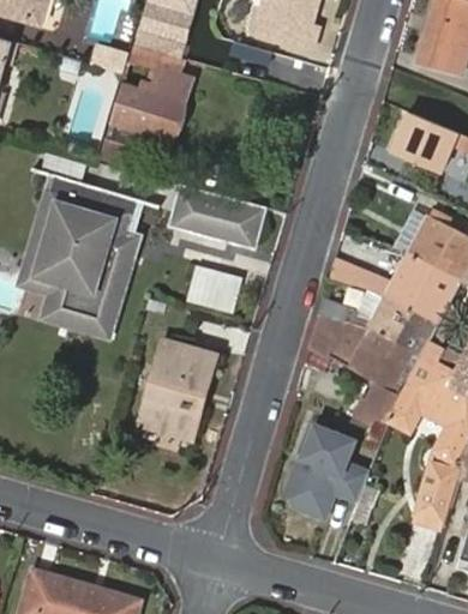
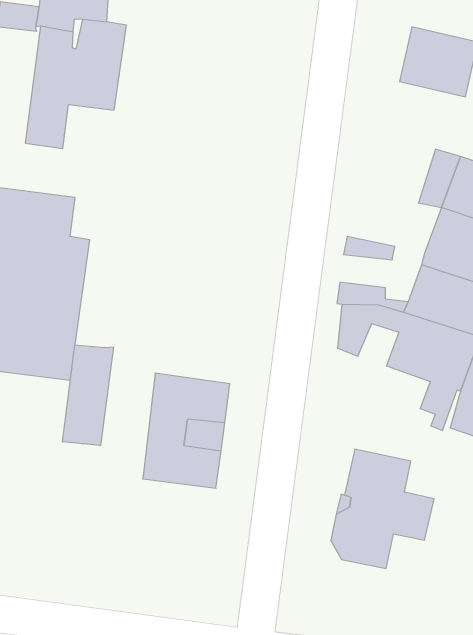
building: [169,185,265,249] -> none
building: [186,264,245,314] -> none
building: none -> [63,345,113,446]

